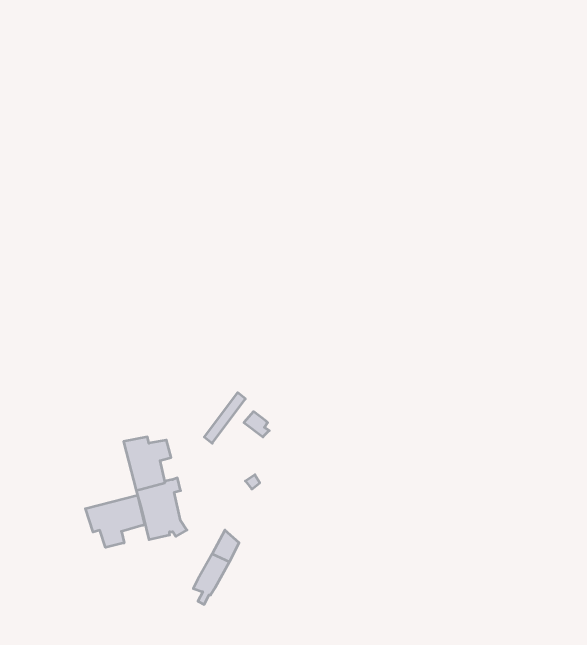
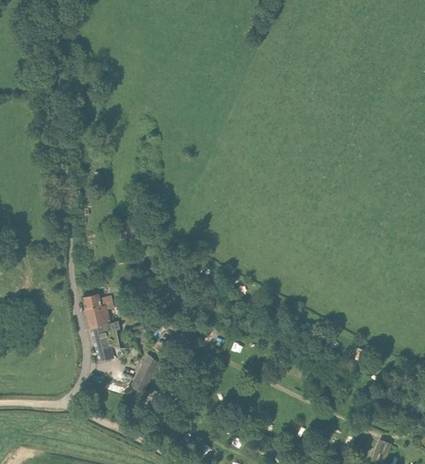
building: [85,495,145,547] -> none

